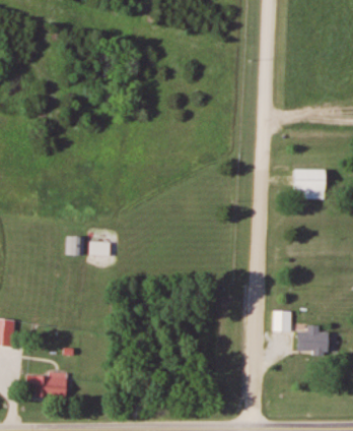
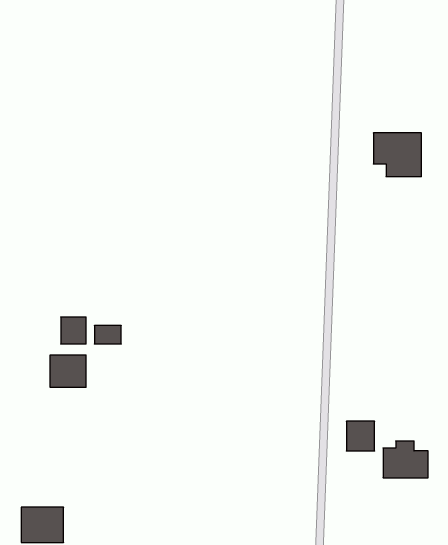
building: [293,169,328,200] -> [373,133,421,177]
building: none -> [50,355,86,387]

